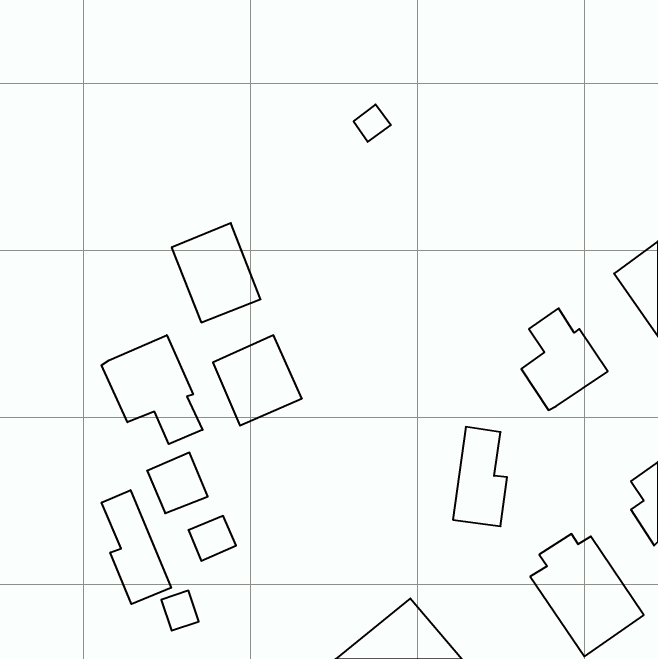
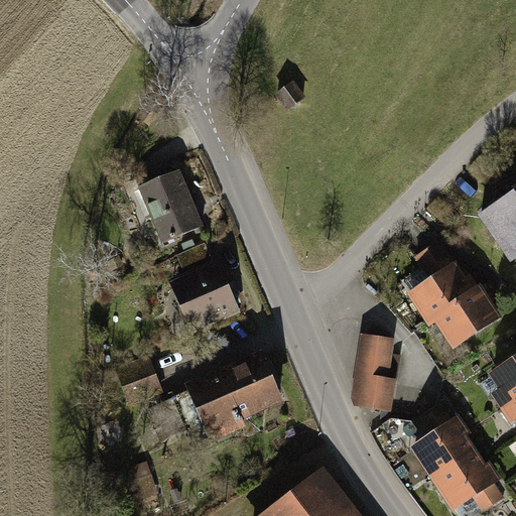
building: [102,335,203,444] -> none
building: none -> [434,287,499,347]
building: none -> [184,353,282,445]
building: [102,490,171,604] -> none

